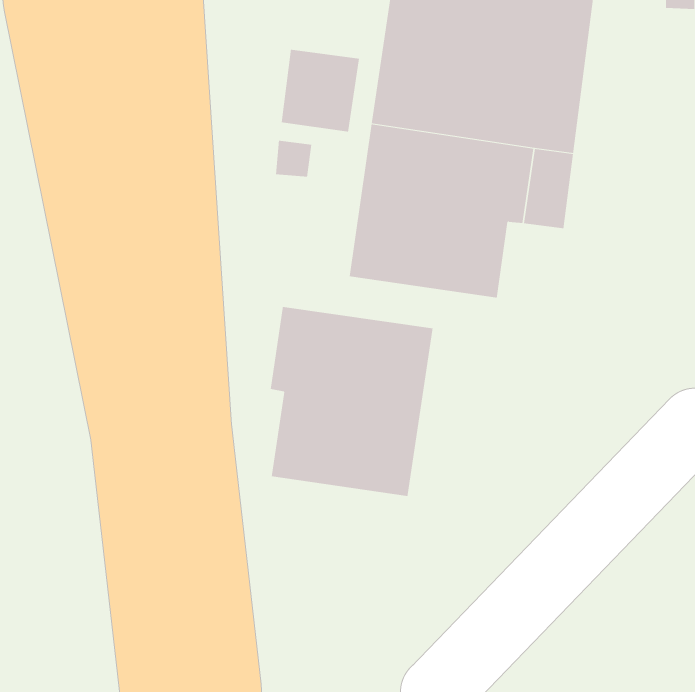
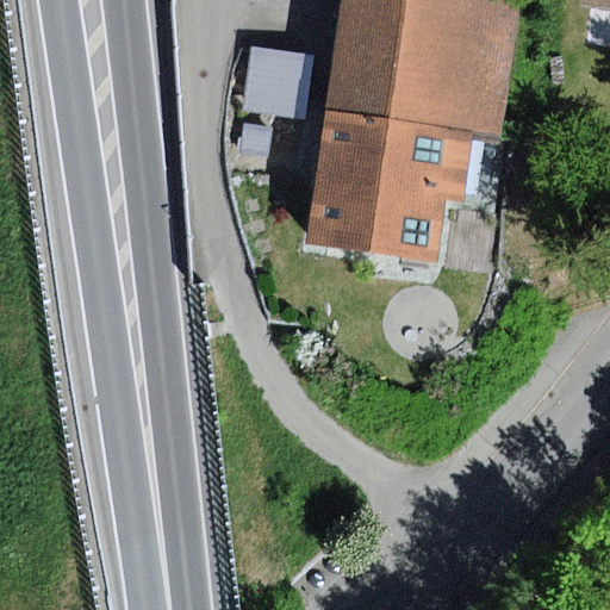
building: [270,306,433,497] -> none

